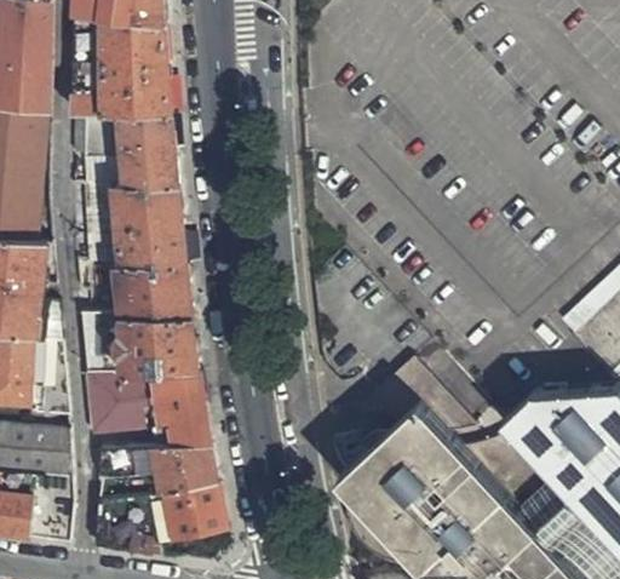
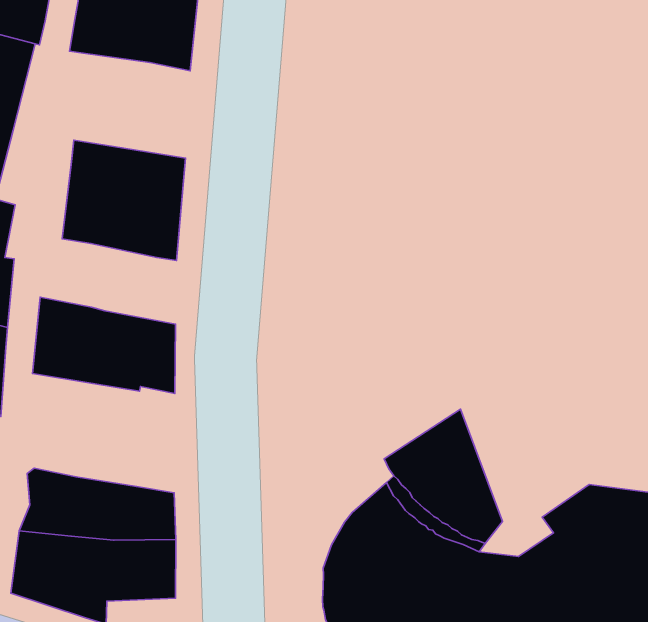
building: [87,115,180,185] -> none
building: [117,264,194,316] -> none
building: [88,369,214,448] -> none

